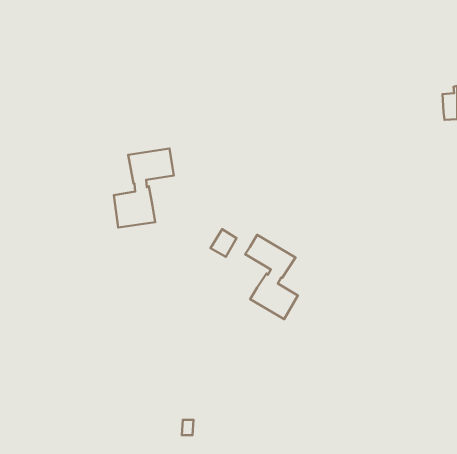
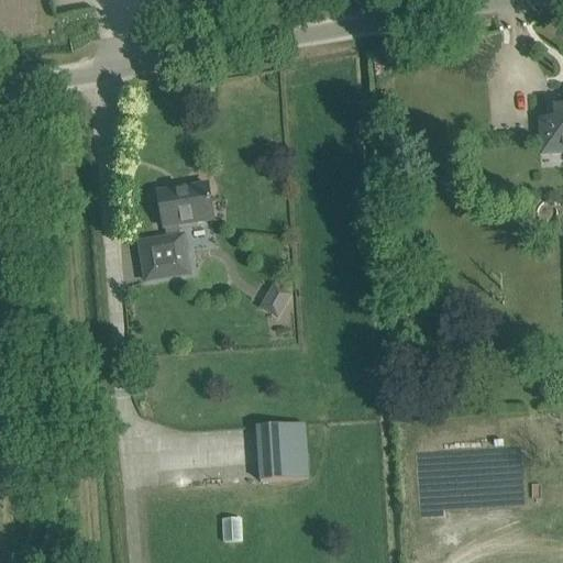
building: [245,235,298,319] -> none
building: none -> [256,422,308,478]

